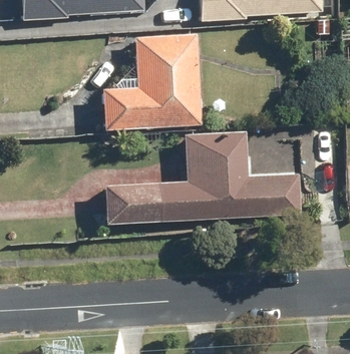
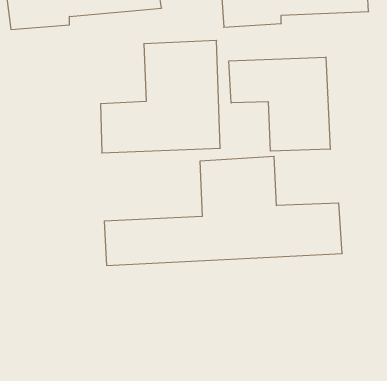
building: none -> [229,57,330,151]

